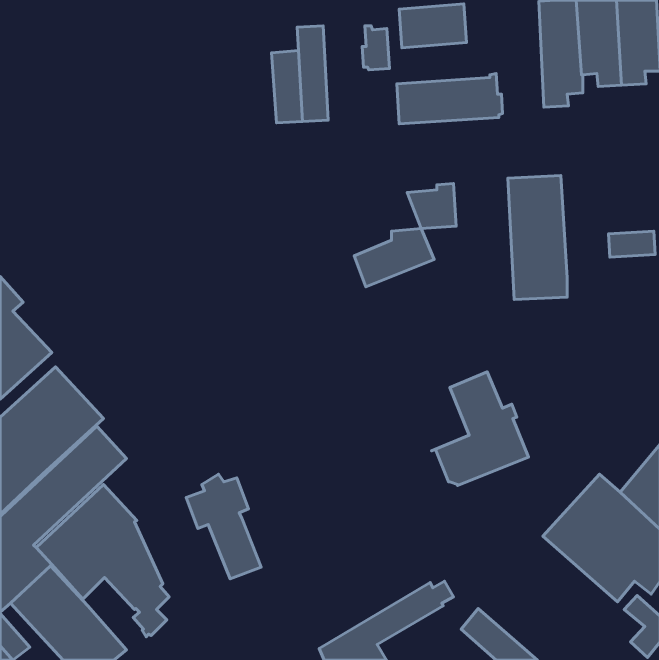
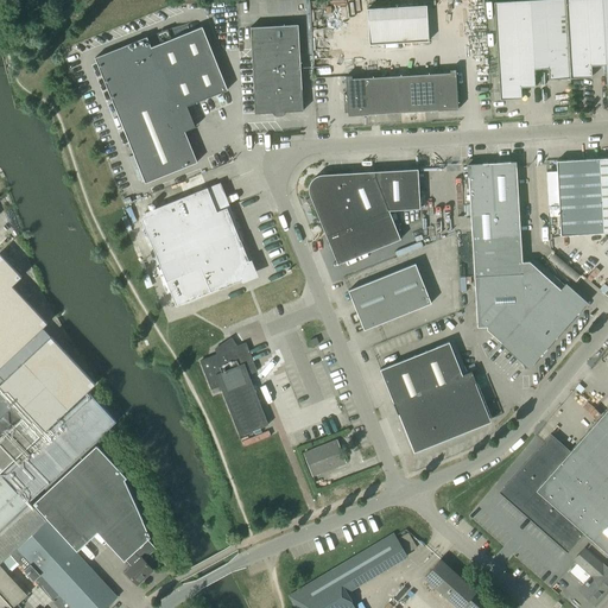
building: [362,26,389,70] -> [343,75,368,115]
building: none -> [249,25,276,49]
building: none -> [94,26,227,183]
building: none -> [558,159,602,215]
building: none -> [309,172,388,235]
building: none -> [141,188,251,306]
building: none -> [474,262,583,366]
building: none -> [348,265,431,330]
building: none -> [380,356,432,414]
building: [186,474,261,579] -> [201,340,270,436]
building: none -> [305,441,347,476]

